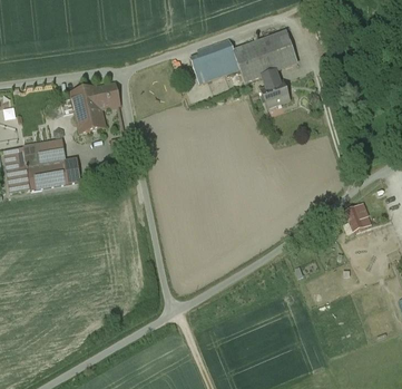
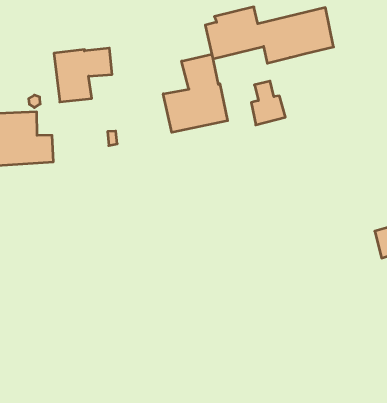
building: [262,70,291,107] -> [251,81,285,125]
building: none -> [163,54,228,132]

